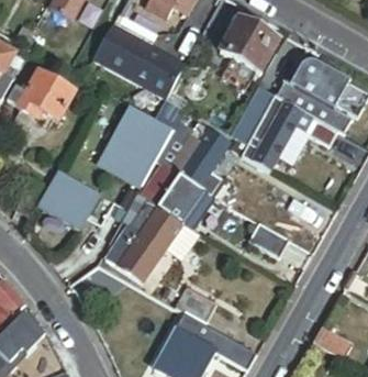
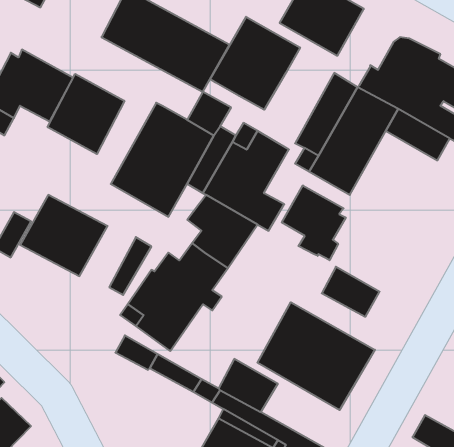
building: none -> [210,17,300,110]
building: none -> [48,74,124,154]
building: none -> [282,185,346,260]
building: none -> [257,302,375,410]

